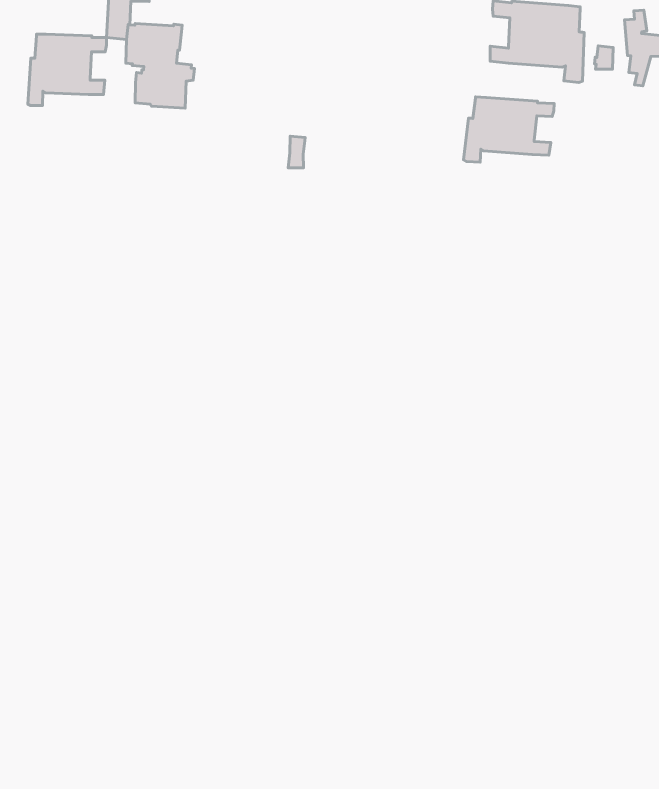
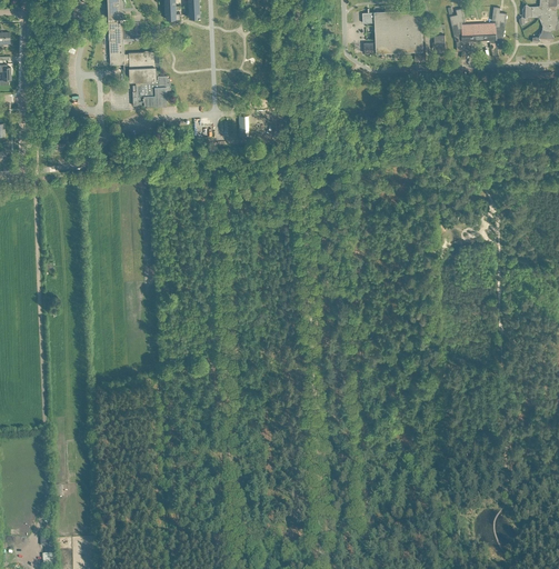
building: [28,34,107,106] -> none
building: [463,97,554,162] -> none

